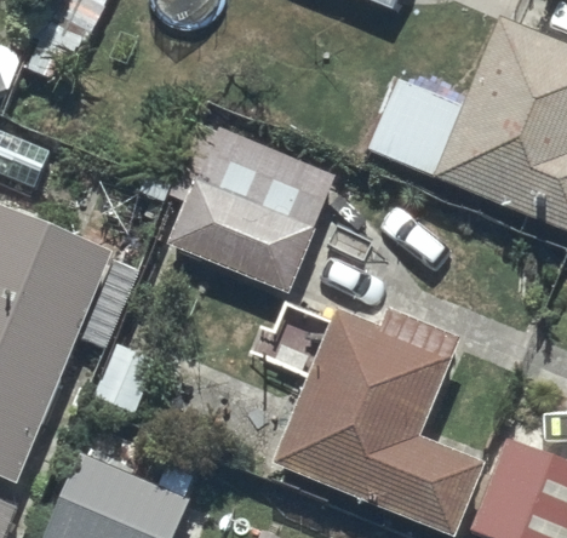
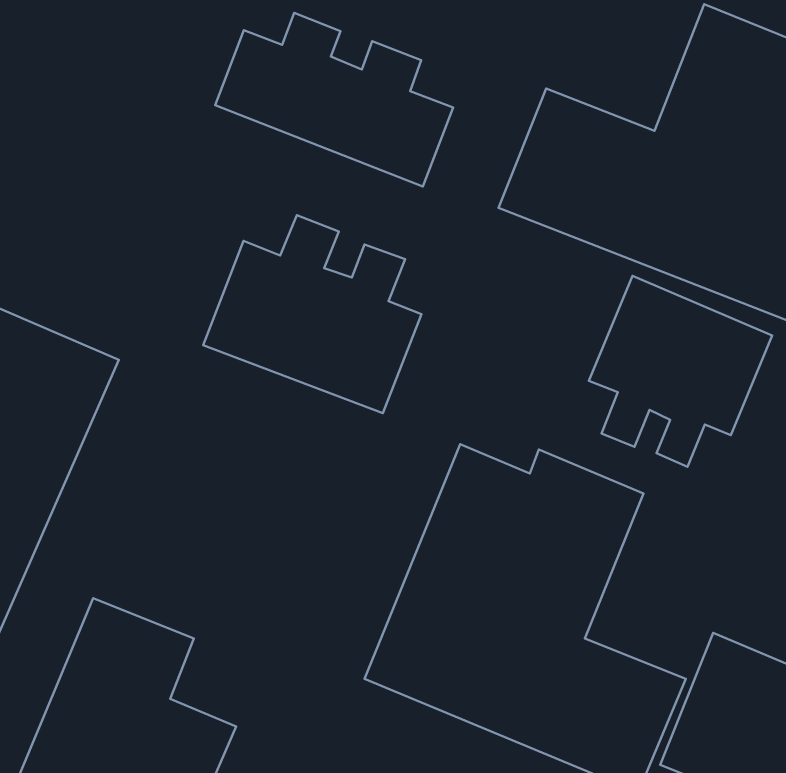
building: none -> [215,13,453,186]
building: none -> [589,276,772,467]

